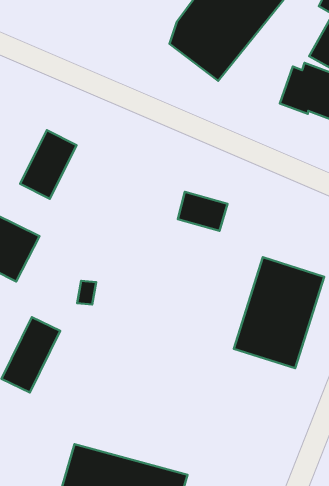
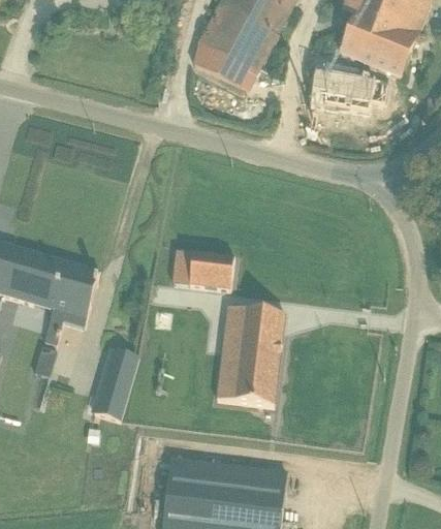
building: [20,130,77,199] -> none
building: [178,192,228,231] -> [175,252,219,283]
building: [234,257,324,368] -> [217,307,290,406]

